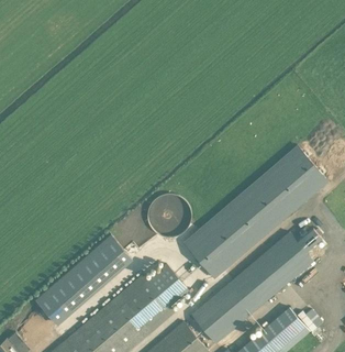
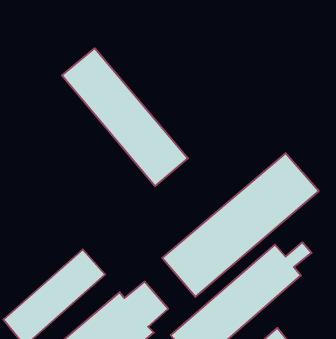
building: none -> [62,48,188,186]
building: [145,193,189,237] -> none

